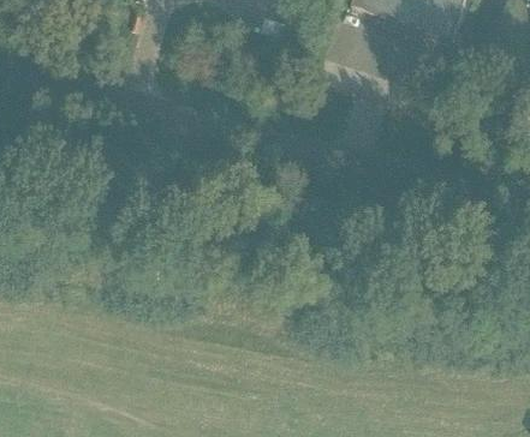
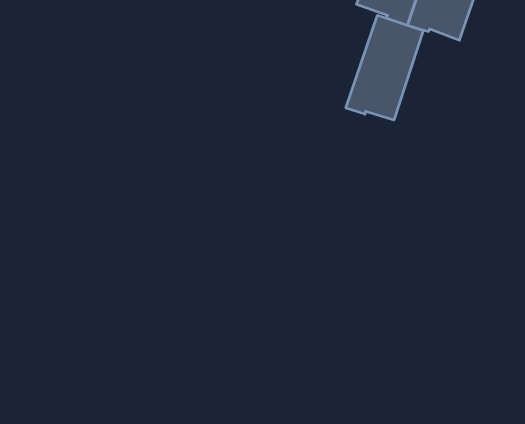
building: none -> [346,15,423,120]

